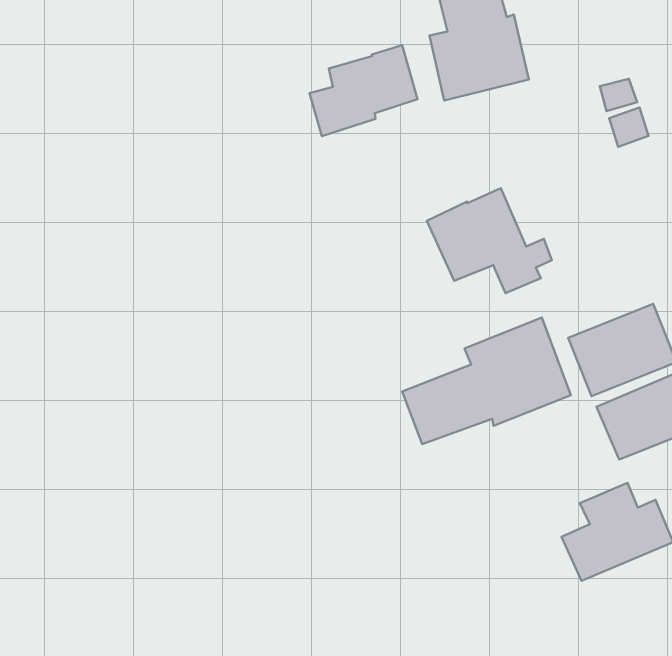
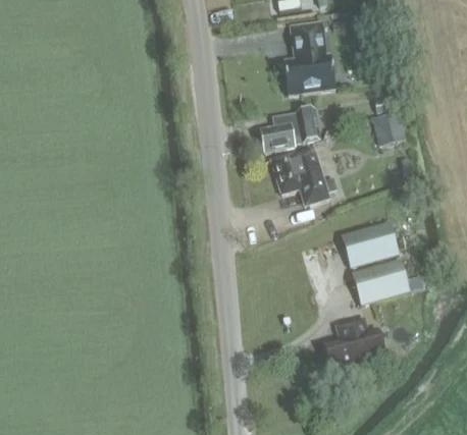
building: [310,45,418,136] -> [260,107,319,152]
building: [402,317,571,444] -> none

